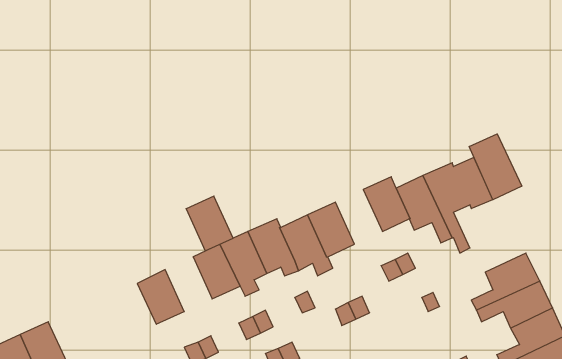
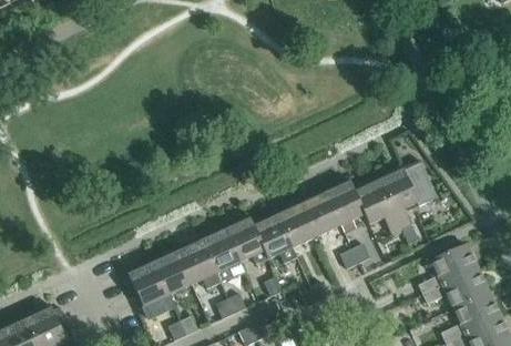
building: [469,134,522,200] -> none
building: none -> [300,189,341,236]
building: [186,196,233,251] -> [152,247,193,295]

